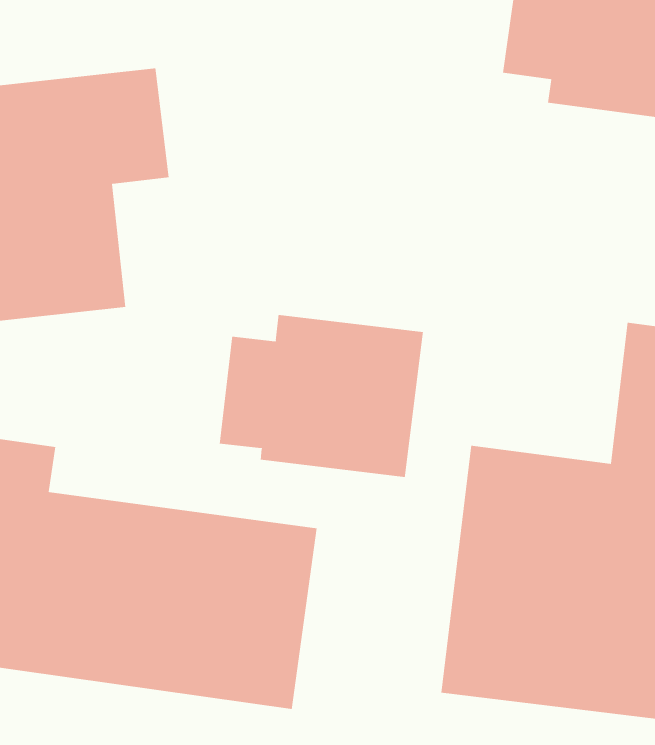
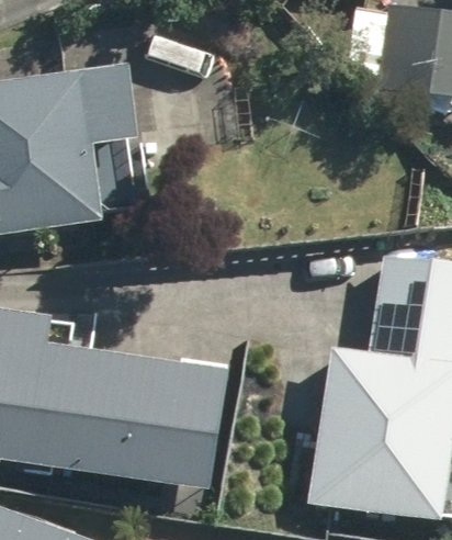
building: [219,314,423,478] -> none

